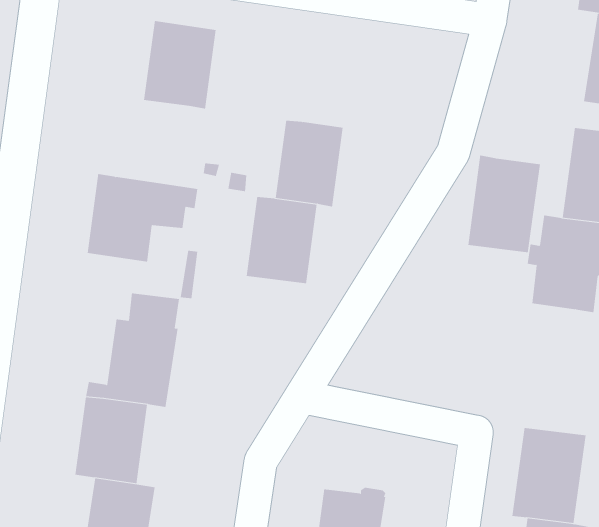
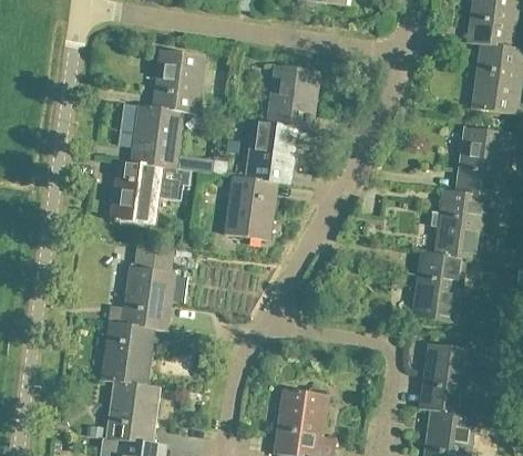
building: none -> [266,65,318,128]
building: none -> [131,105,184,168]
building: [467,155,541,253] -> [411,251,464,322]

